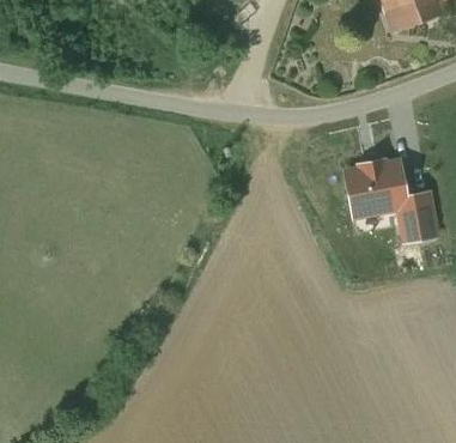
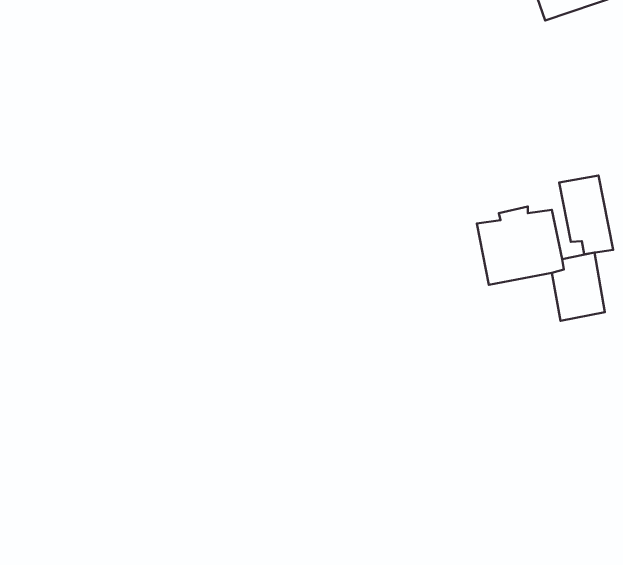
building: none -> [559,176,613,254]

